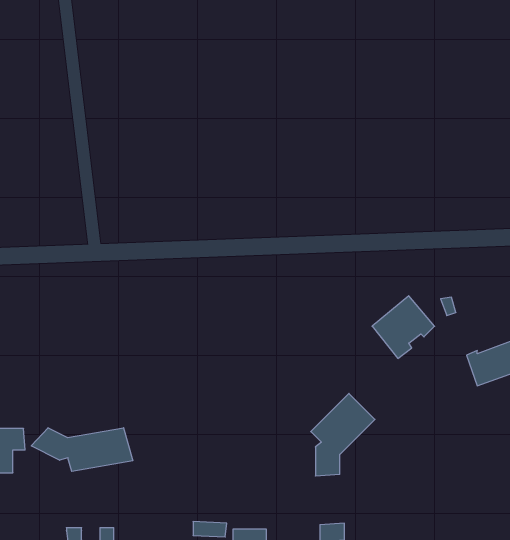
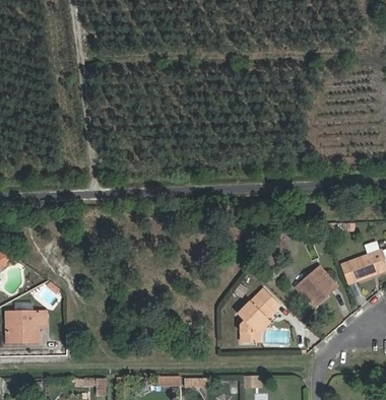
building: [372,296,435,358] -> [295,266,336,308]
building: [31,428,133,471] -> none

